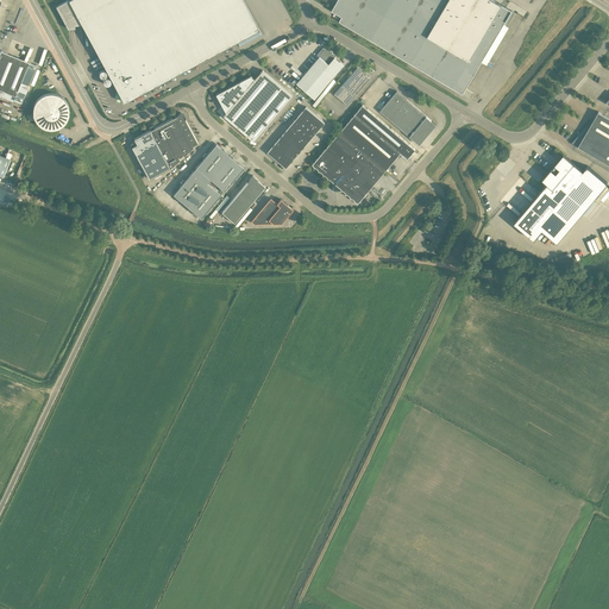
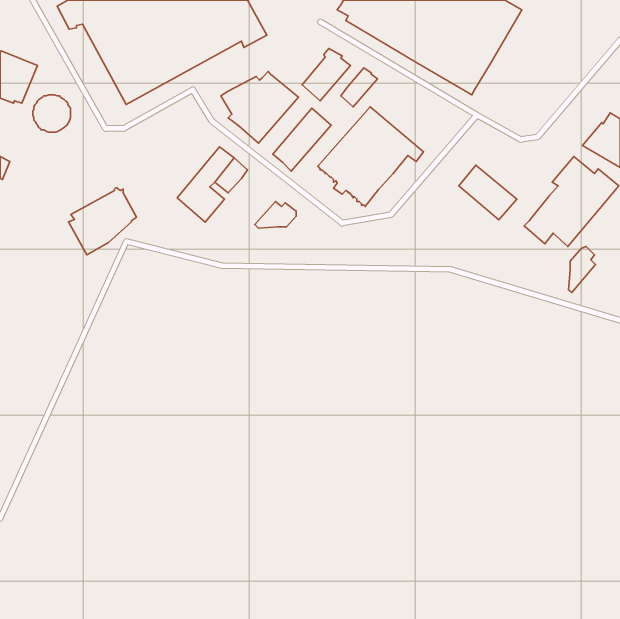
building: [379,92,437,145] -> [459,165,517,220]
building: [131,114,197,180] -> [68,188,136,255]
building: [221,176,265,224] -> none
building: none -> [568,247,595,292]

